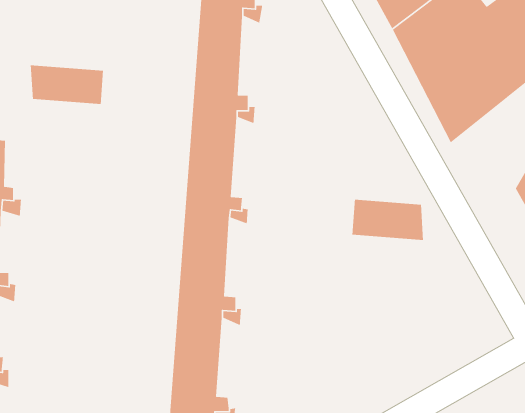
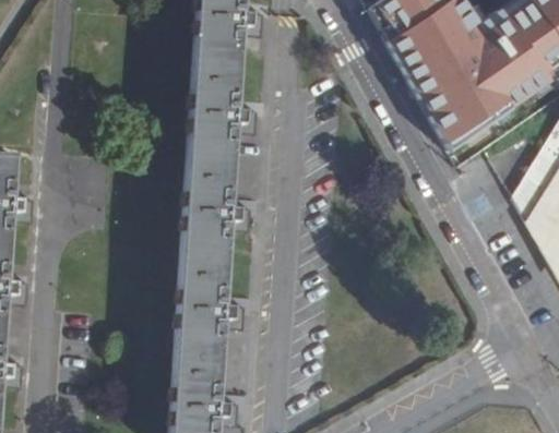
building: [30,65,104,105] -> none
building: [352,199,424,241] -> none

